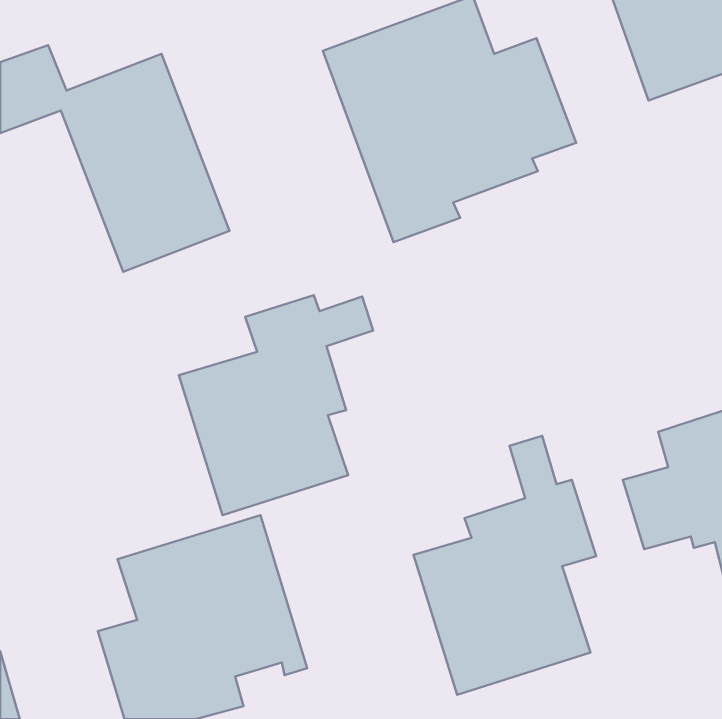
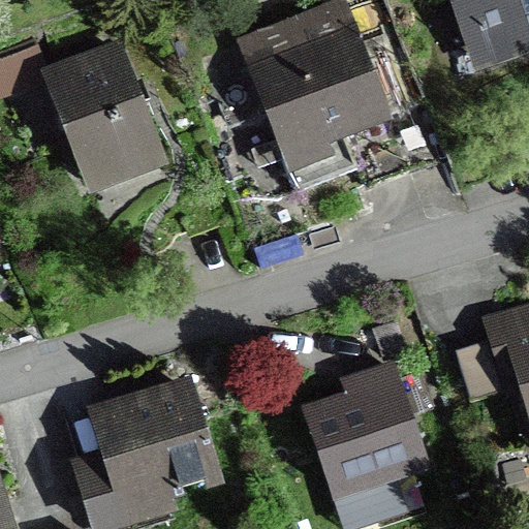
building: [179,295,373,515] -> none

